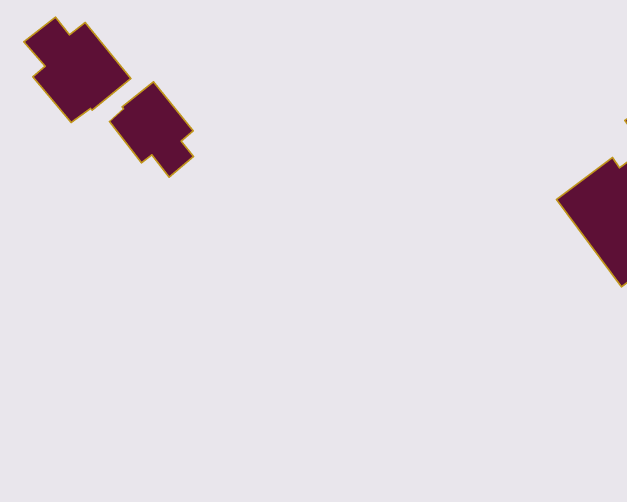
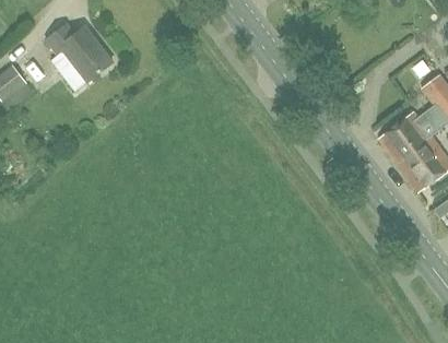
building: [109,82,194,177] -> none

